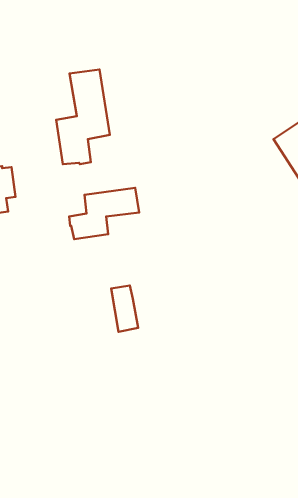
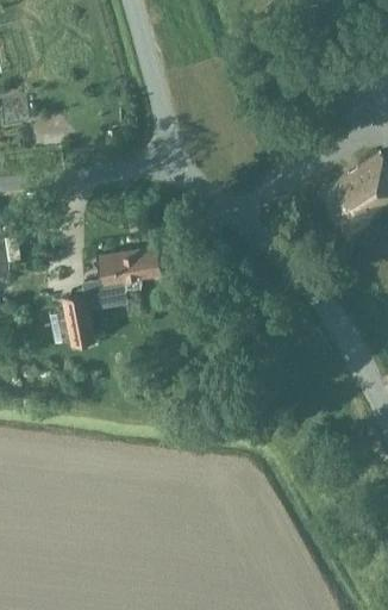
building: [56,70,110,164] -> none
building: [111,285,138,332] -> [64,292,95,346]

